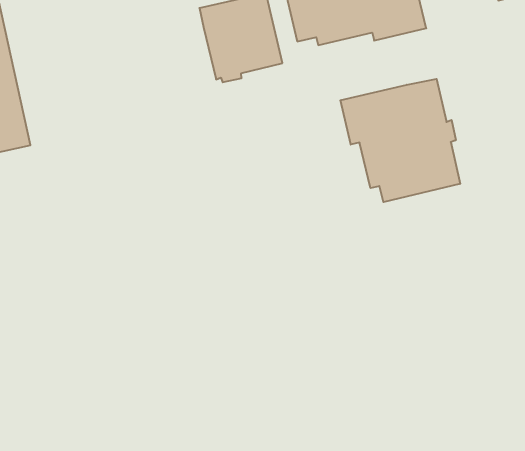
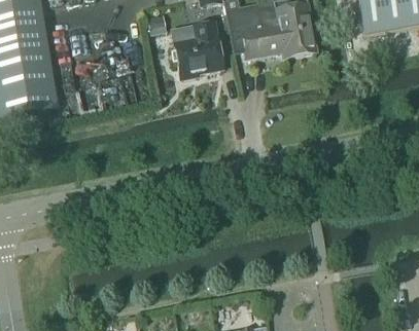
building: [340,79,460,202] -> none

